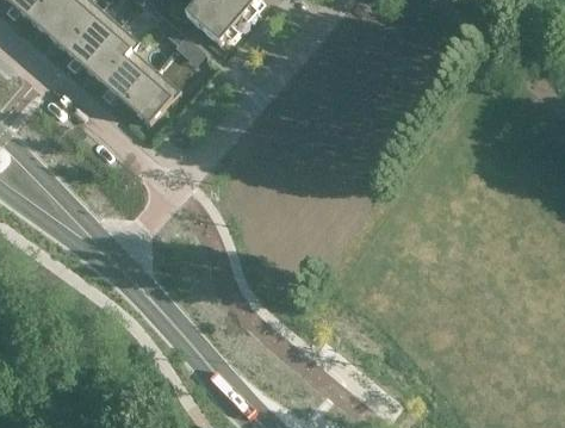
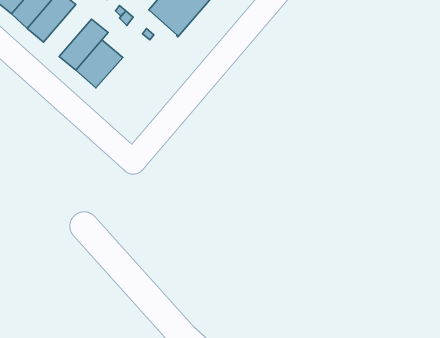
building: [61,6,116,66] -> none
building: [120,67,175,123] -> none

